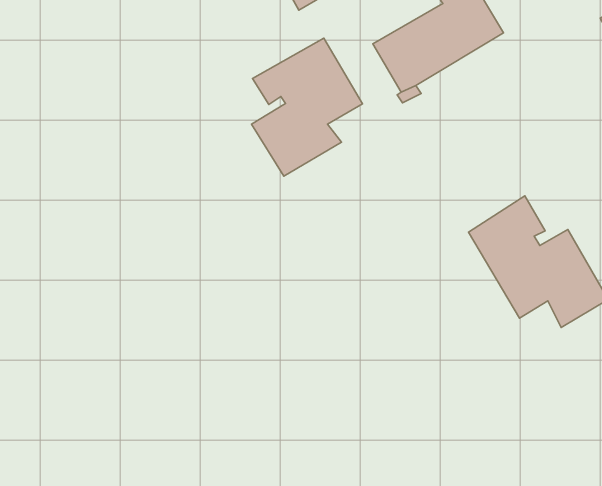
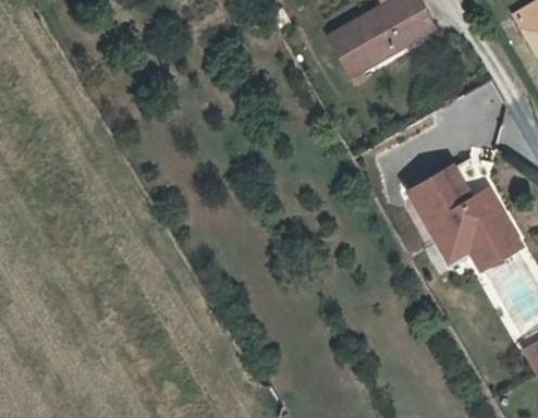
building: [252,38,363,176] -> none

